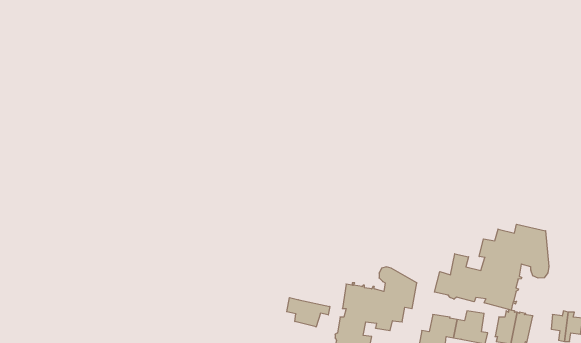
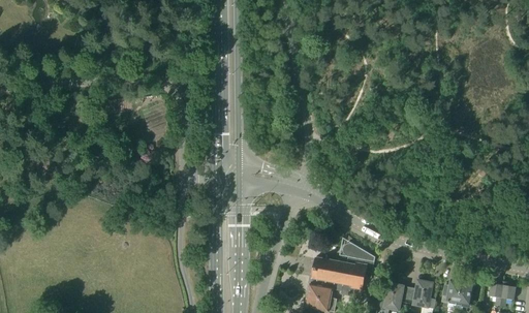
building: [434,224,549,310] -> none
building: [287,298,330,327] -> none

